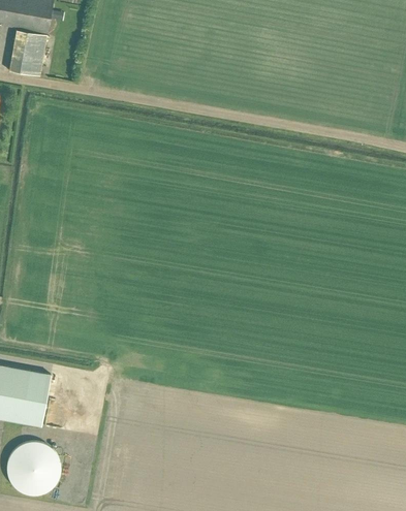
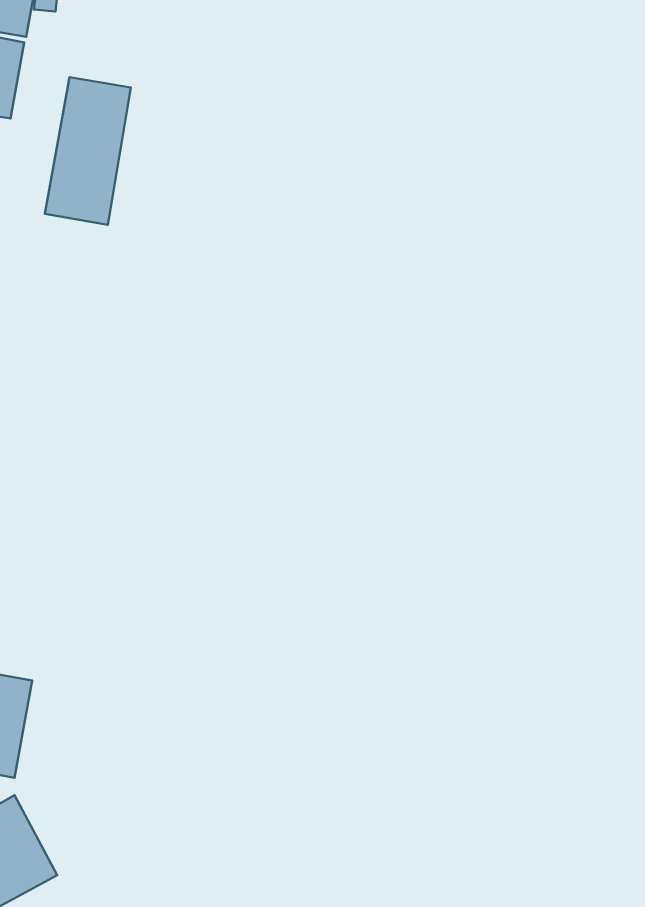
building: none -> [45,77,131,225]

